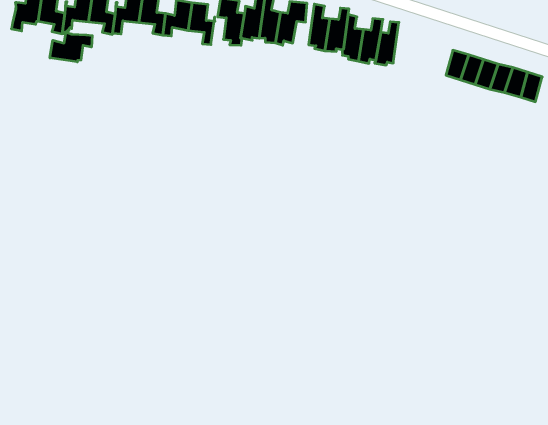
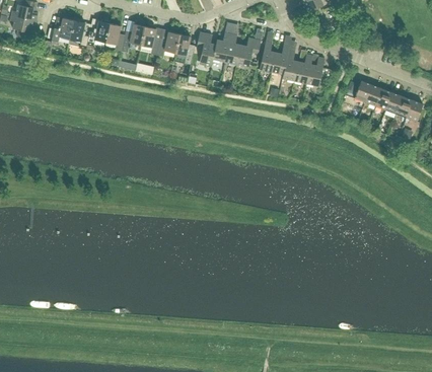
building: [50,32,92,62] -> none

